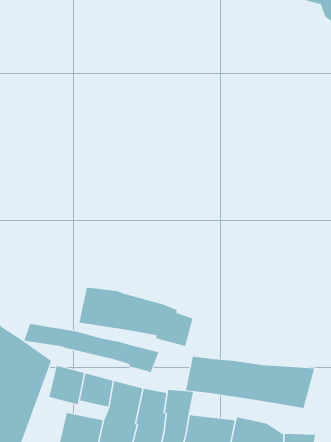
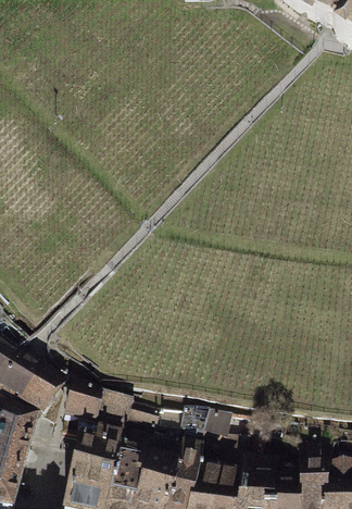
building: [79,287,193,347] -> none
building: [24,323,159,373] -> none
building: [186,356,315,409] -> none

